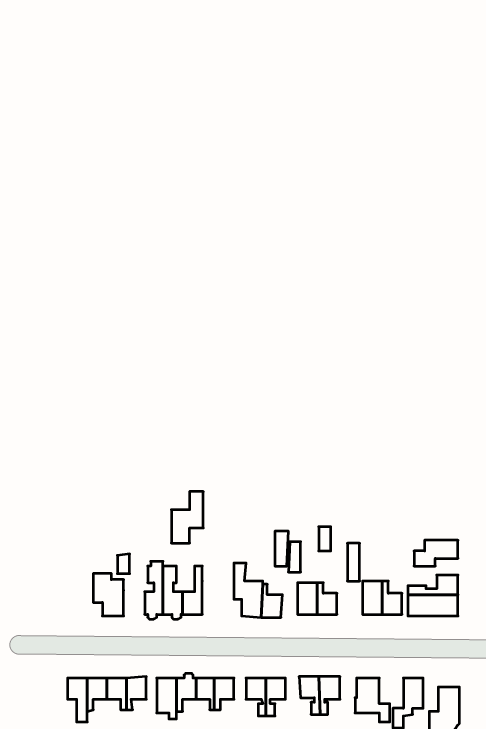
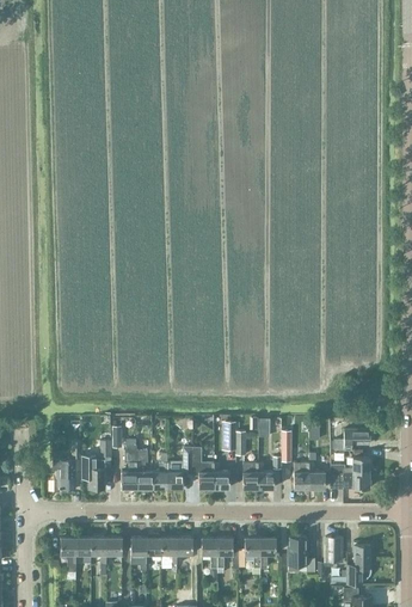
building: [171,492,203,543] -> [167,447,192,488]
building: none -> [53,459,75,492]

